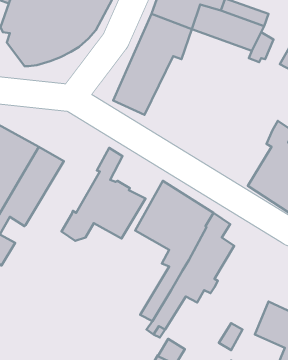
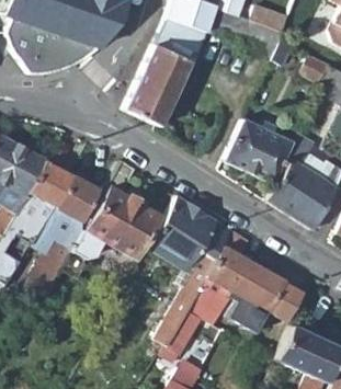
building: none -> [225,118,295,184]
building: none -> [33,174,100,294]
building: none -> [228,264,300,333]

